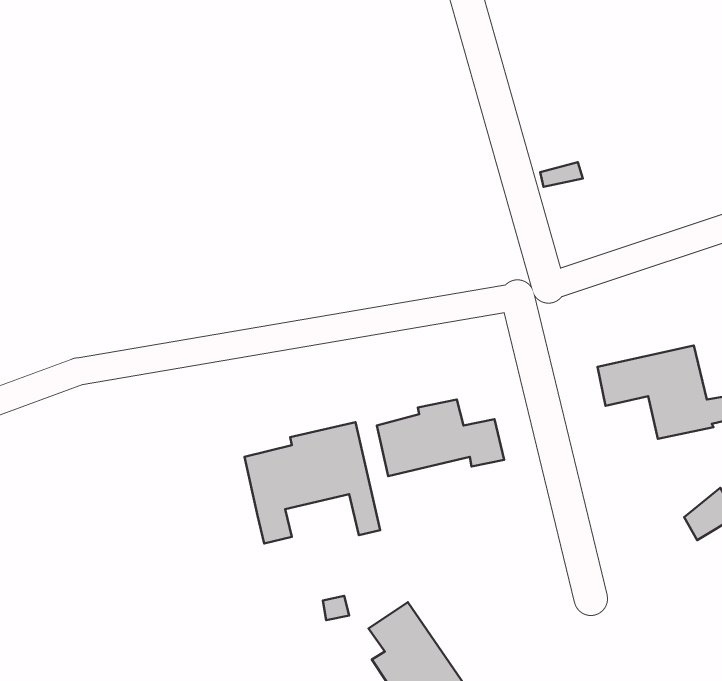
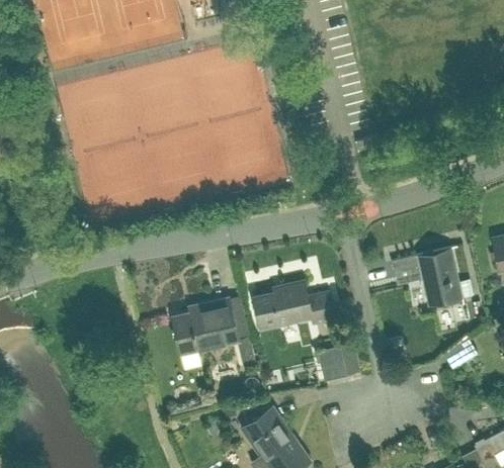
building: none -> [317,347,345,381]

